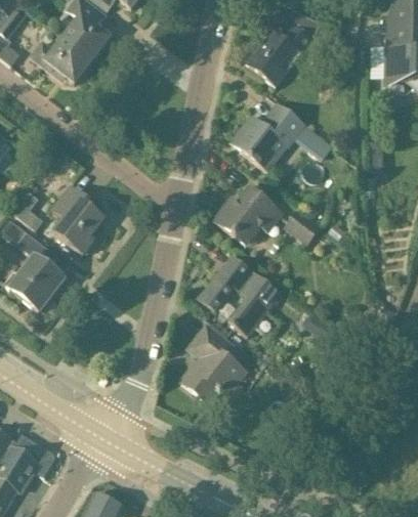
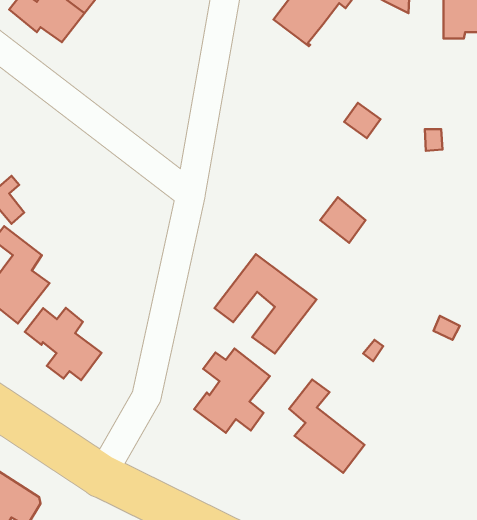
building: [229,104,305,166] -> none
building: [52,185,103,254] -> none
building: [213,187,274,239] -> none
building: none -> [25,308,101,380]
building: none -> [289,379,364,473]

